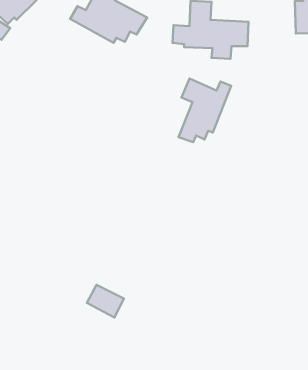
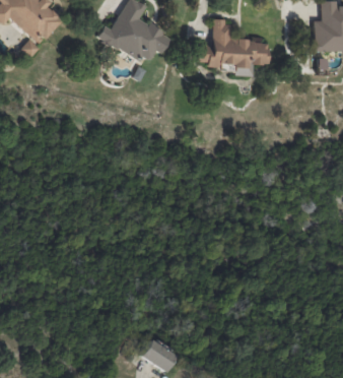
building: [179,78,231,142] -> none
building: [87,285,124,318] -> [141,340,177,372]

